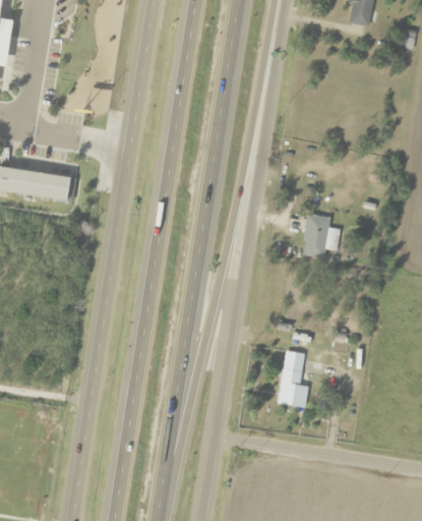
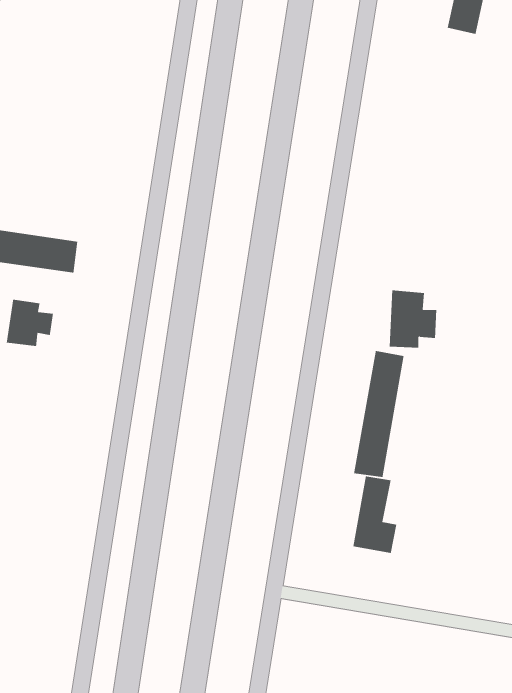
building: none -> [6,299,54,347]
building: none -> [354,350,404,478]

